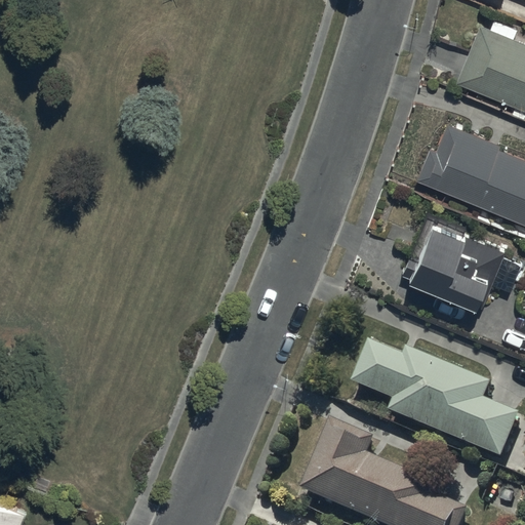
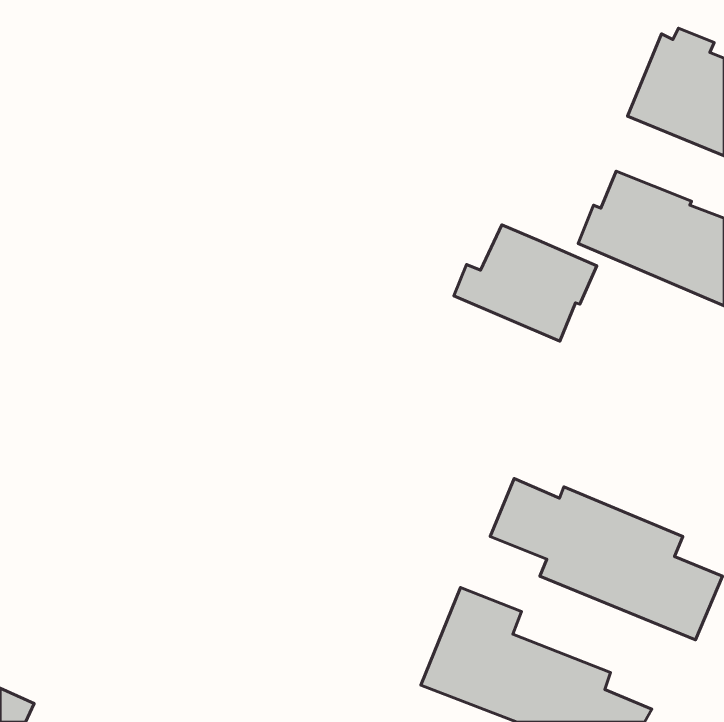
building: [401,224,504,308] -> [454,225,597,341]

